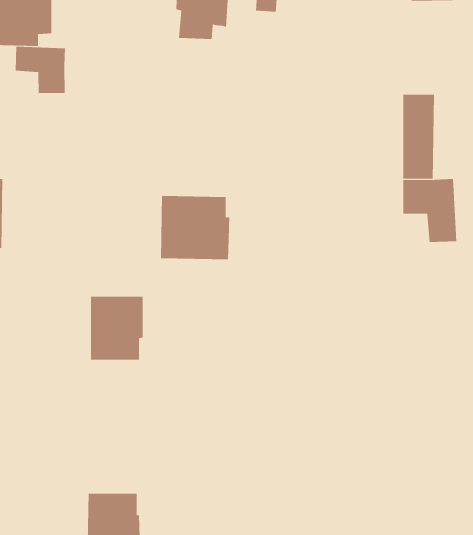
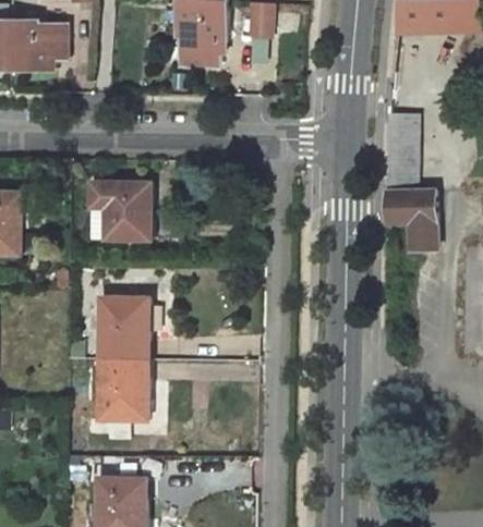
building: [15,46,66,94] -> none
building: [160,196,230,260] -> [88,182,153,241]
building: none -> [100,357,148,420]

